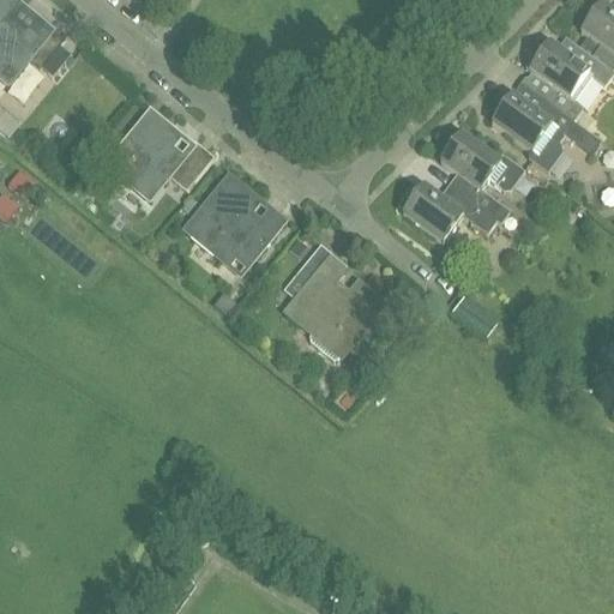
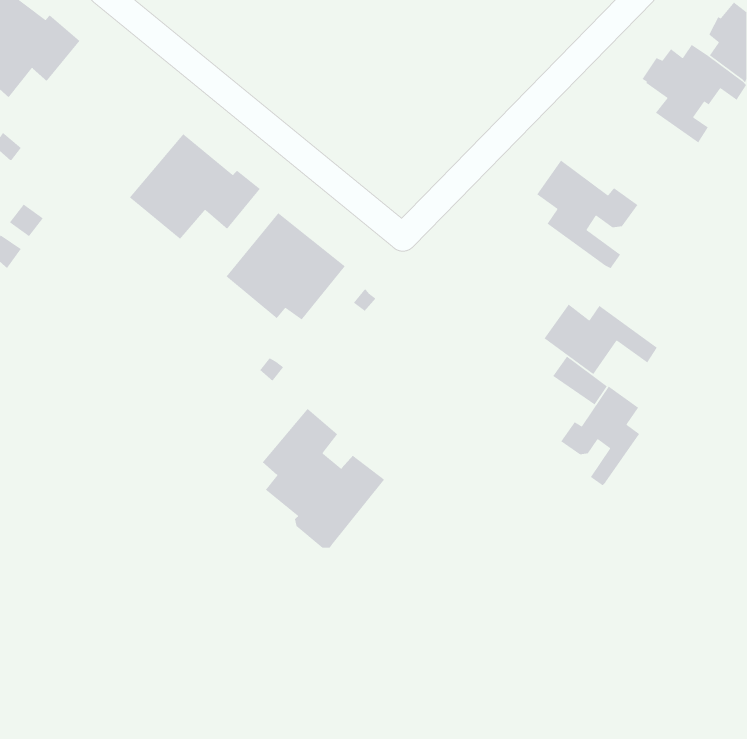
building: [490,92,600,168] -> none
building: [402,182,495,241] -> [544,303,658,375]
building: [283,242,384,357] -> [262,408,385,548]
building: none -> [560,386,640,486]

